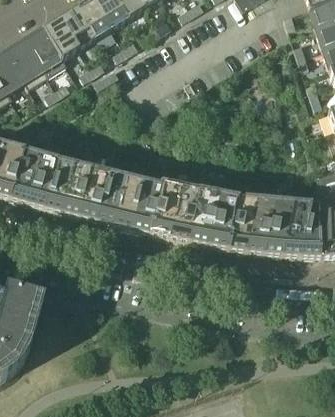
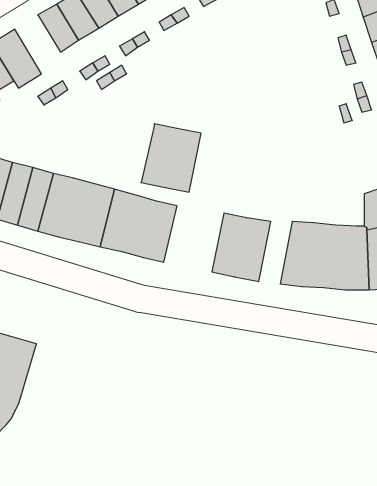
building: [25,24,67,73] -> none
building: [149,181,199,238] -> [141,124,201,192]
building: [228,195,256,248] -> none

